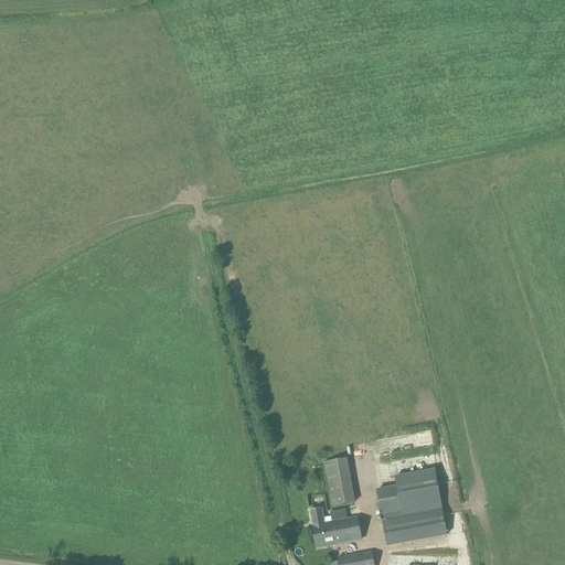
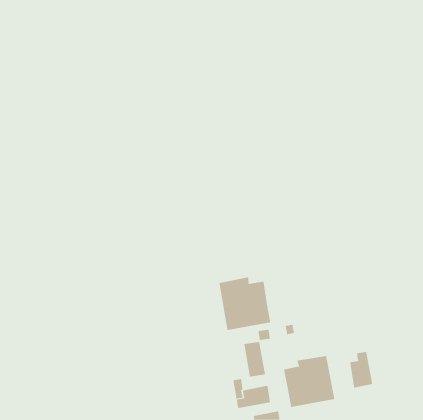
building: none -> [219,276,271,331]
building: none -> [349,351,373,389]

